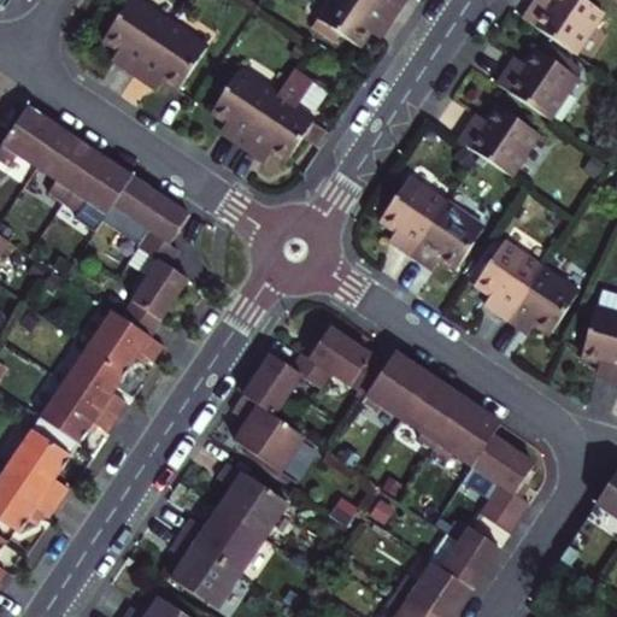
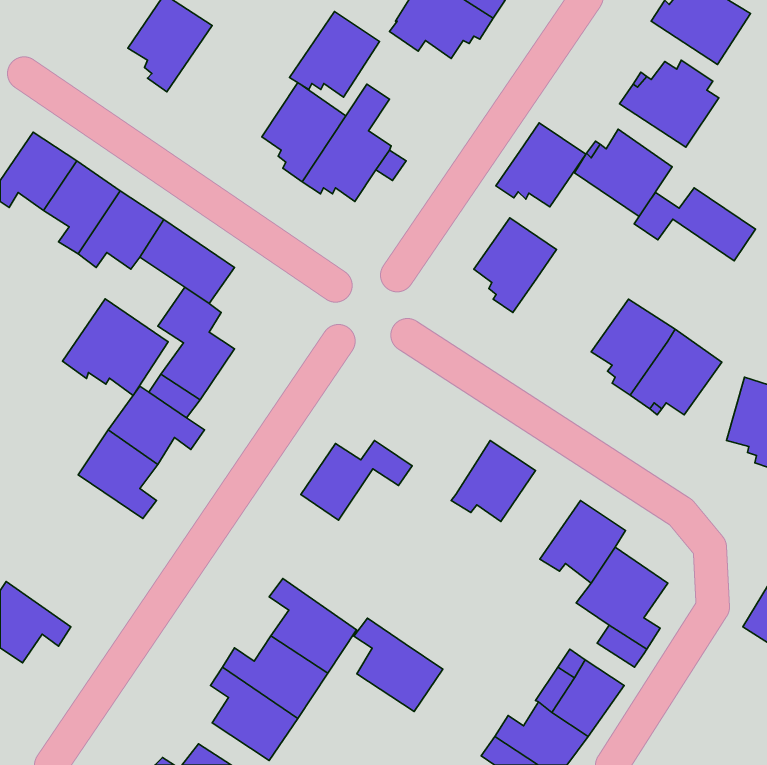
building: [135,20,207,89] -> [289,11,380,97]
building: none -> [634,188,755,261]
building: [412,200,484,268] -> [496,123,586,207]
building: none -> [63,299,168,395]
building: [308,328,386,396] -> none
building: [402,377,466,448] -> none
building: [40,381,116,443] -> none
building: [231,396,302,471] -> [354,618,443,711]
building: [6,429,71,503] -> none

